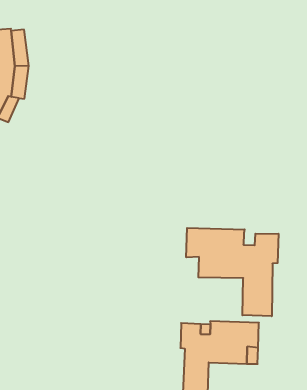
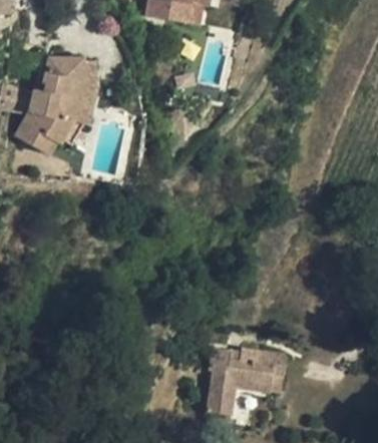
building: [186,228,278,316] -> none

